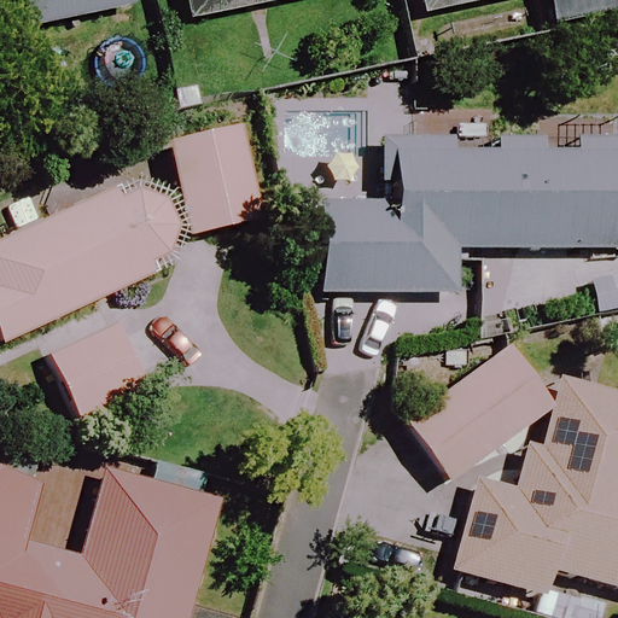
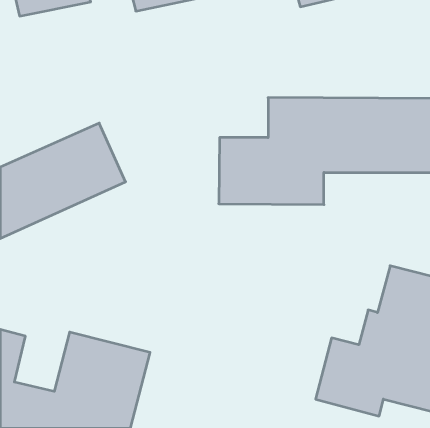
building: [171,124,269,234] -> none
building: [51,323,141,407] -> none
building: [407,348,550,478] -> none

